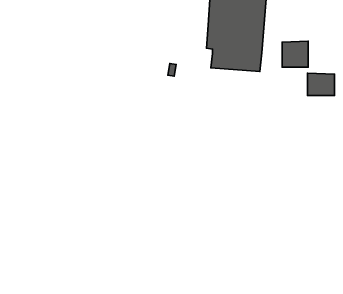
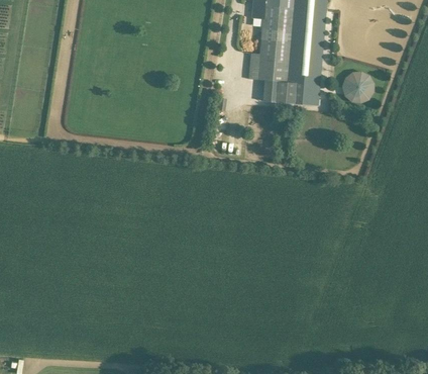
building: [308,73,335,95] -> none

